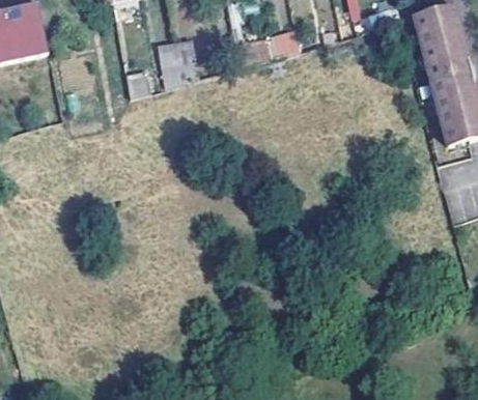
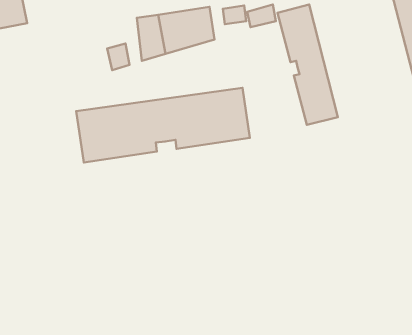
building: none -> [278,4,338,125]
building: none -> [76,88,250,162]

